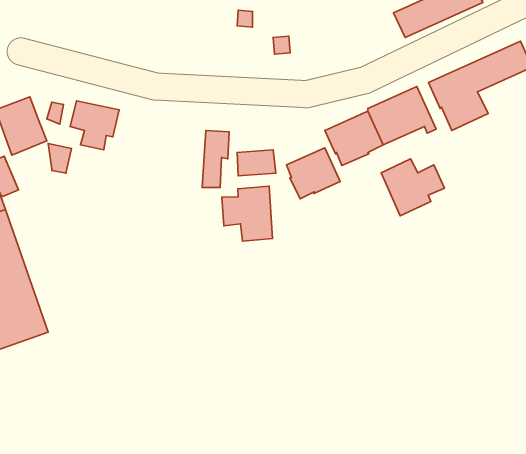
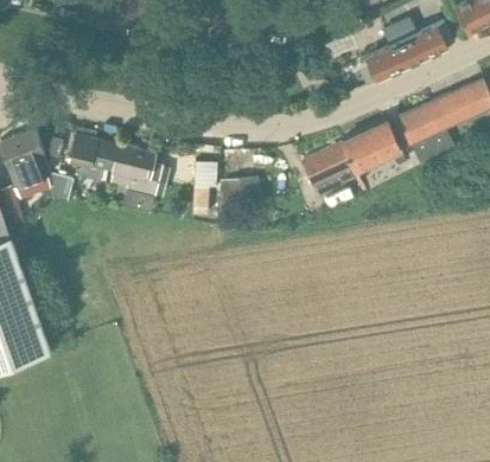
building: none -> [109,145,161,197]
building: [287,148,340,199] -> none
building: [381,159,444,216] -> none
building: [222,186,272,241] -> none

